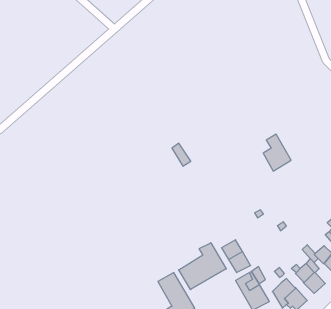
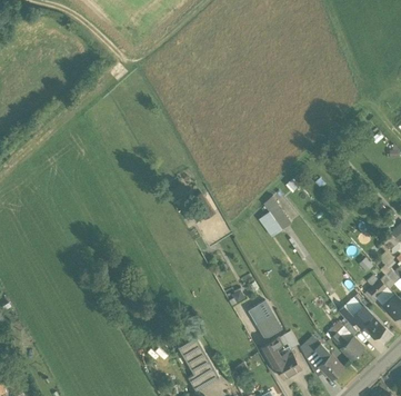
building: [263,134,291,171] -> [260,196,291,237]
building: [179,243,226,290] -> none

